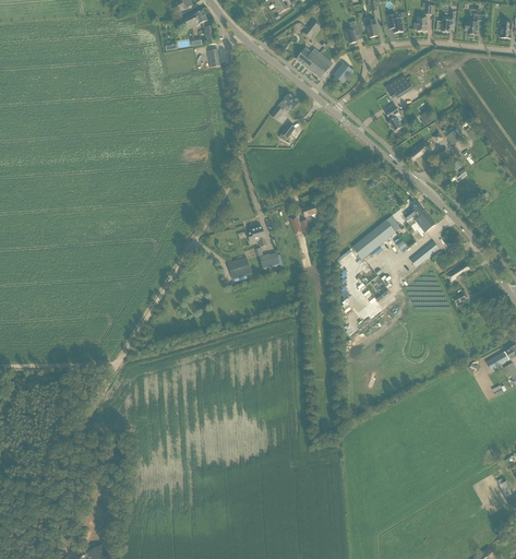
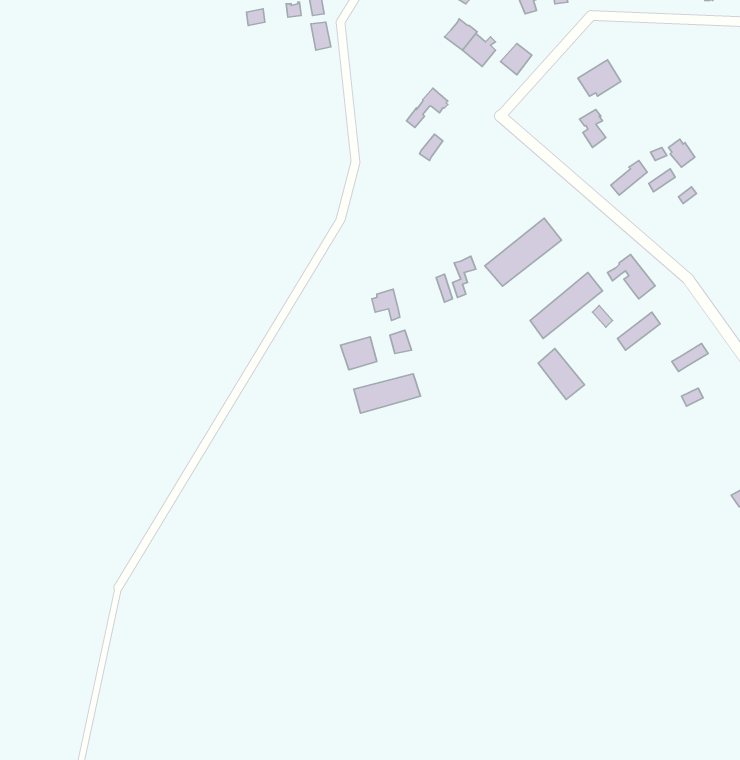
building: none -> [485,218,561,286]
building: none -> [354,374,420,413]

